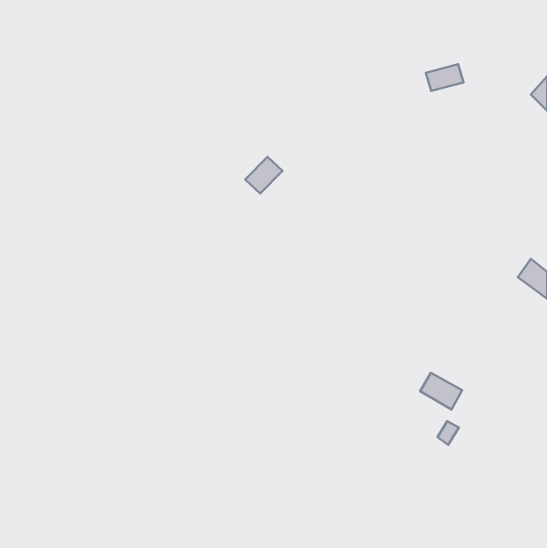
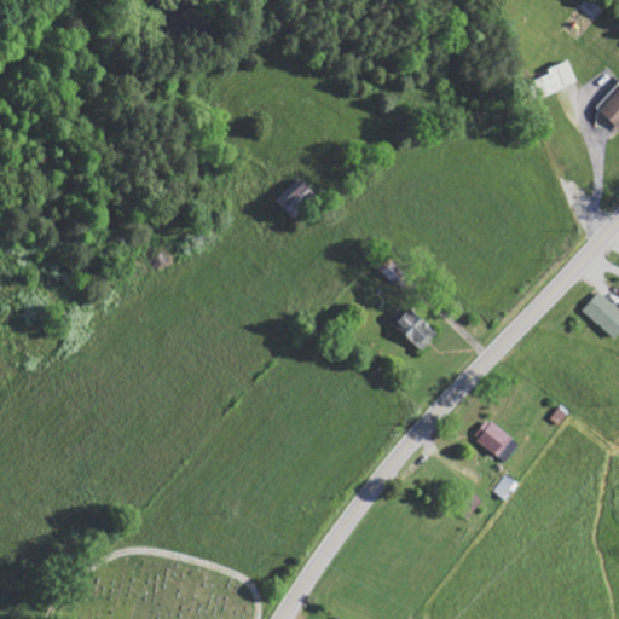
building: [426,64,463,91] -> [536,64,578,94]
building: none -> [394,308,438,351]

